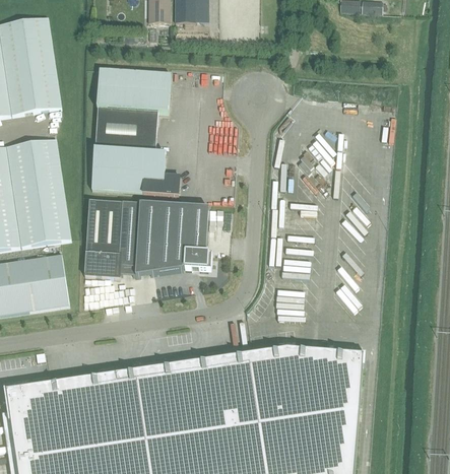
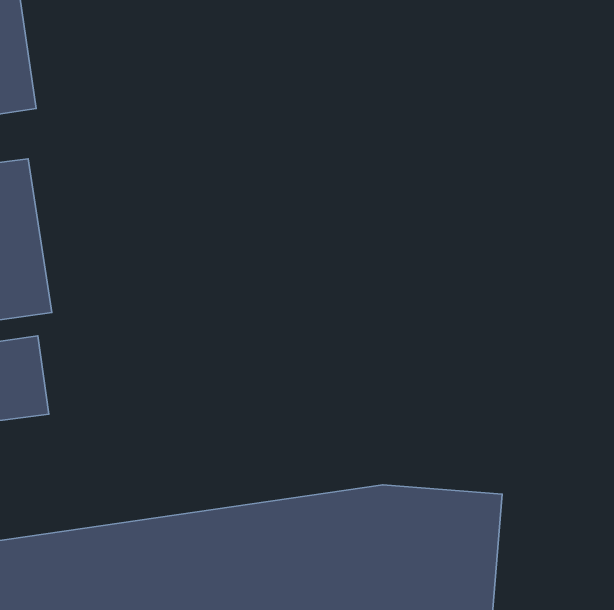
building: [90,70,179,197] -> none
building: [83,201,211,278] -> none

